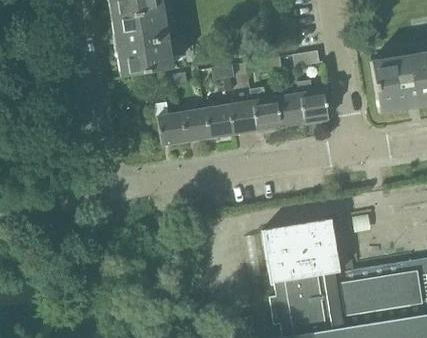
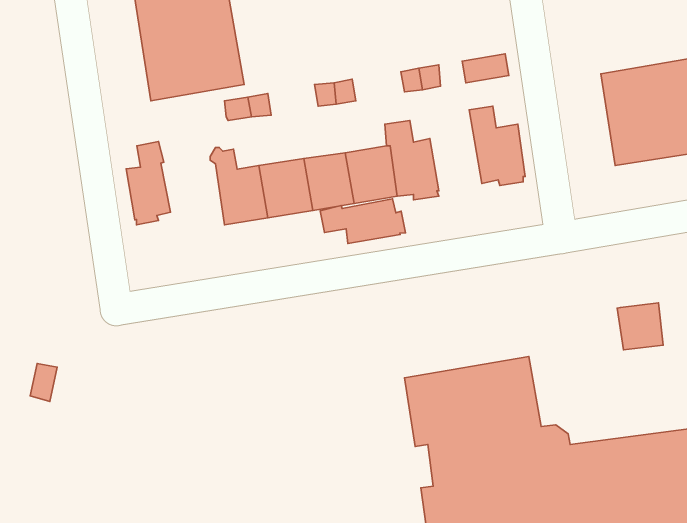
building: [276,94,305,127] -> none
building: none -> [126,141,170,225]
building: none -> [320,199,405,243]
building: none -> [617,303,663,350]

